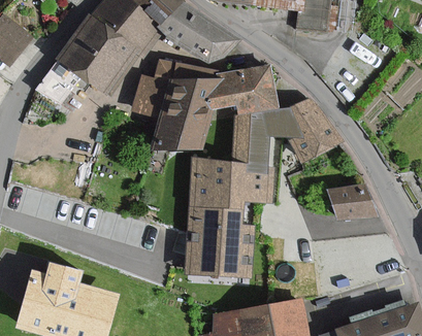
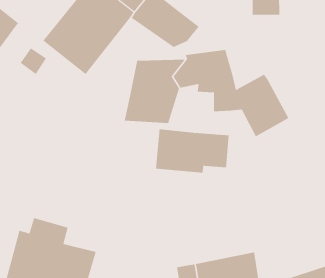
building: [131,61,182,121] -> none
building: [231,115,273,165] -> none
building: [328,183,374,224] -> none
building: [183,203,254,270] -> none

